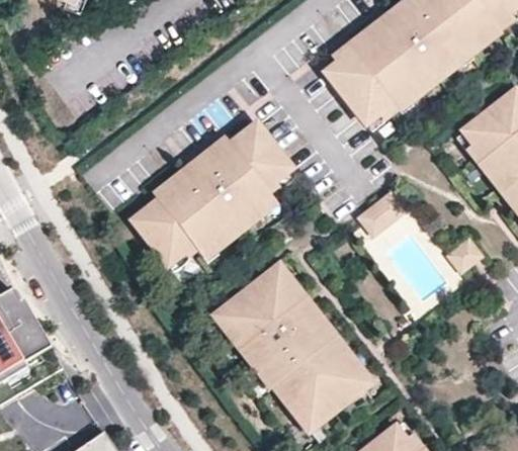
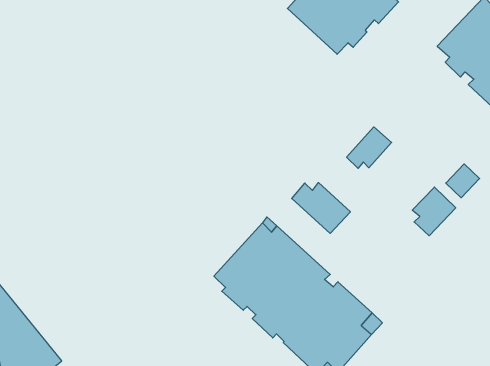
building: [130,121,286,262] -> none
building: none -> [292,183,350,233]
building: none -> [412,187,456,236]

